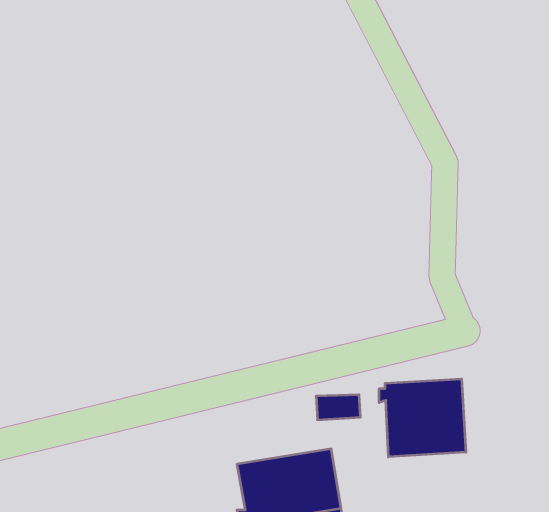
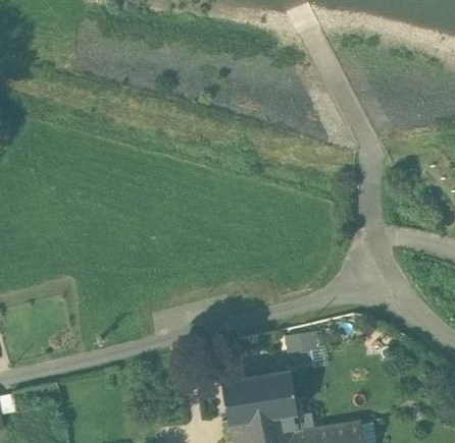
building: [379,379,466,457] -> none

